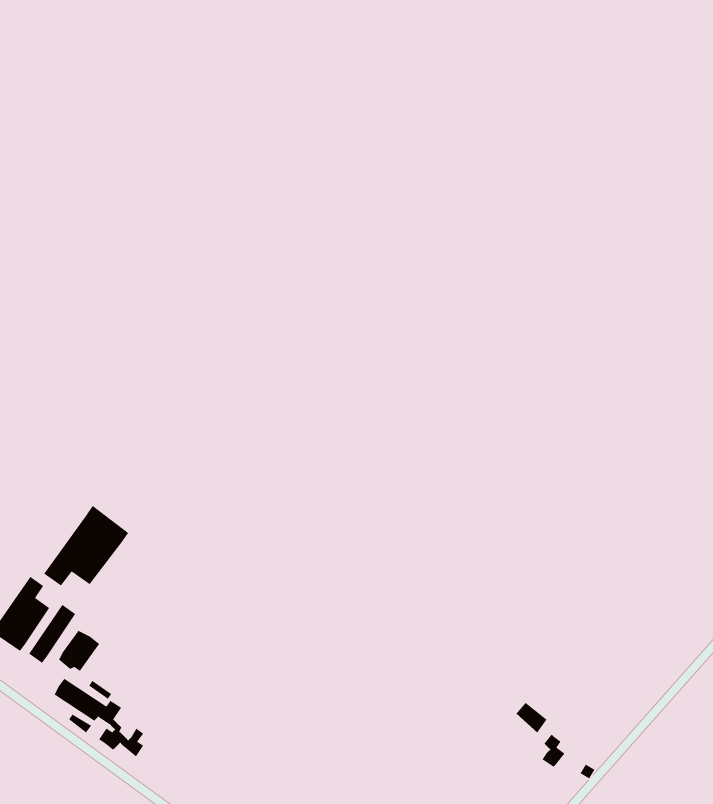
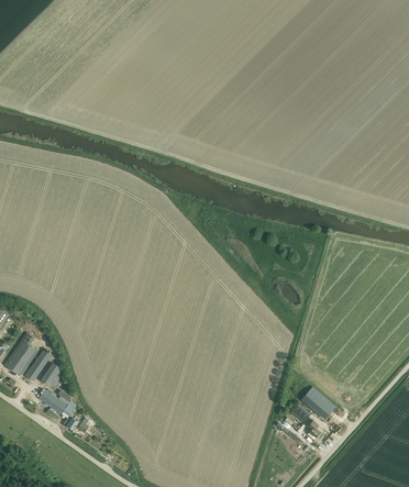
building: [43,505,129,586] -> none
building: none -> [301,387,336,420]

